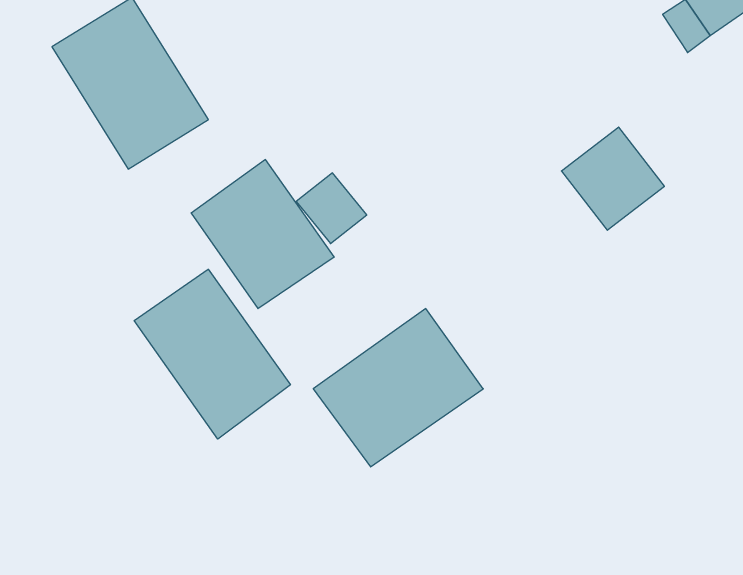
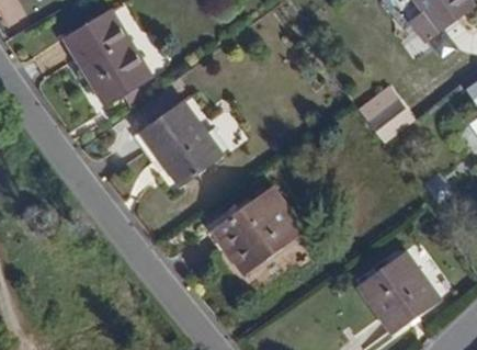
building: [134,269,290,439] -> none
building: none -> [355,249,441,335]

